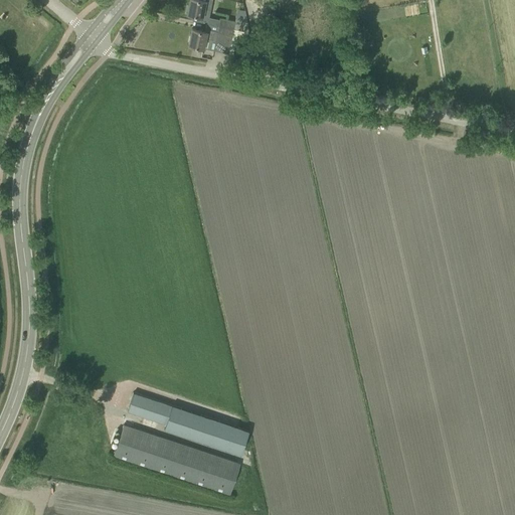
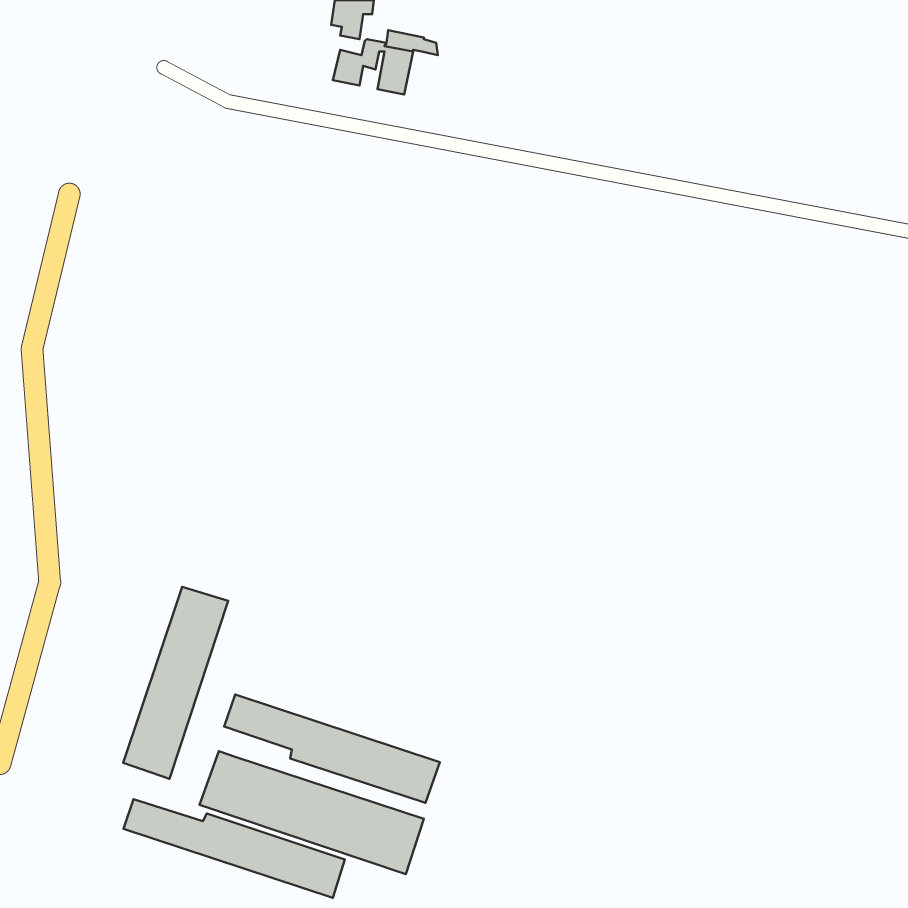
building: none -> [123,587,228,779]
building: none -> [124,799,345,898]

